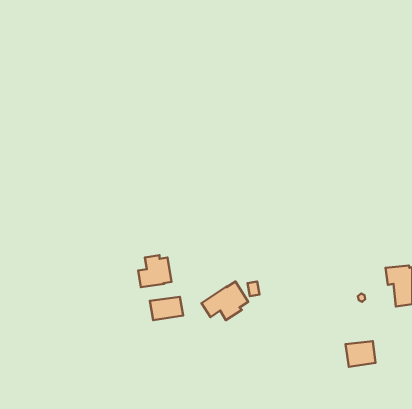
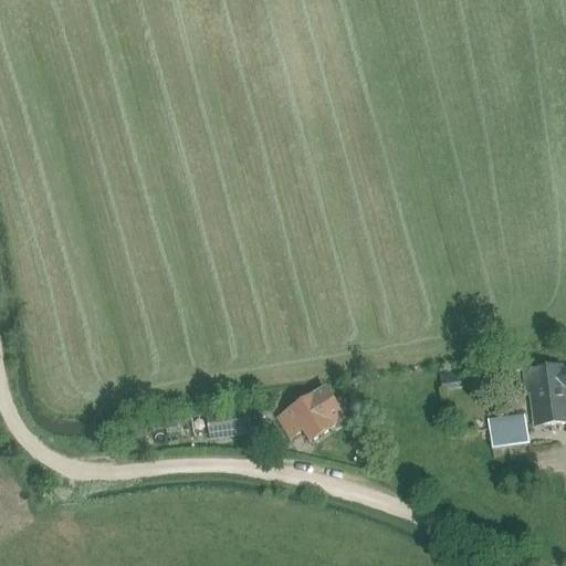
building: [138,255,172,287] -> none
building: [346,341,375,367] -> [488,412,528,448]

